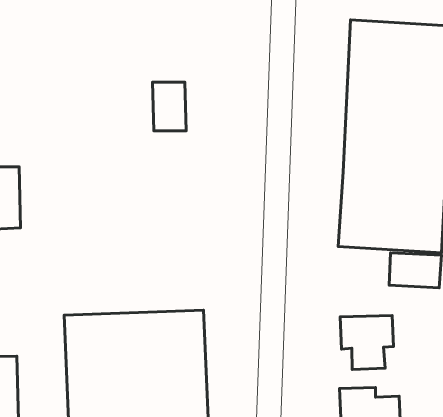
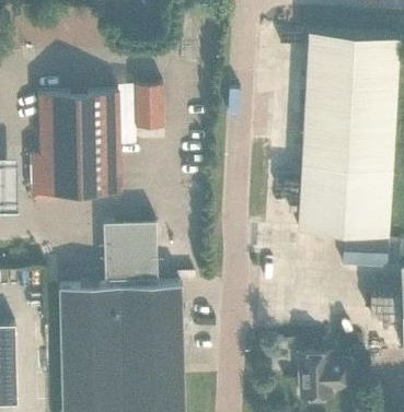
building: none -> [32,93,120,200]
building: none -> [104,223,158,281]
building: [340,315,393,369] -> none

